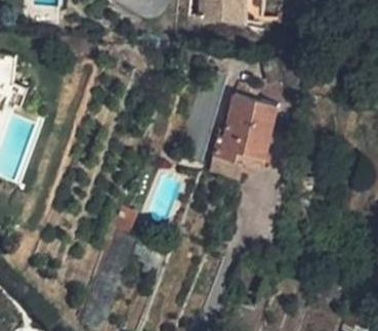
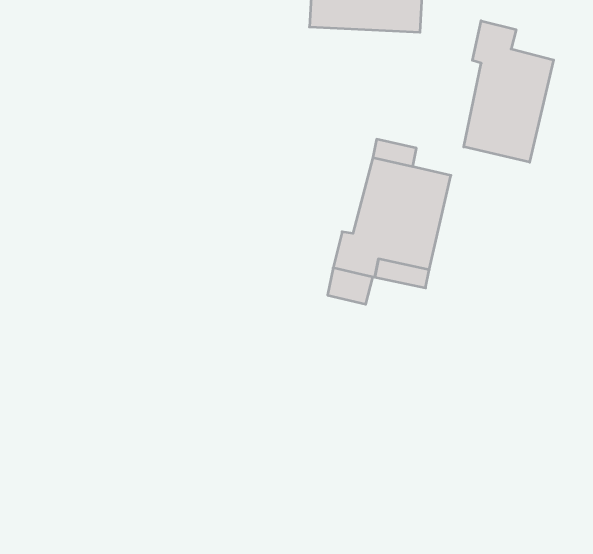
building: none -> [464,21,554,162]

